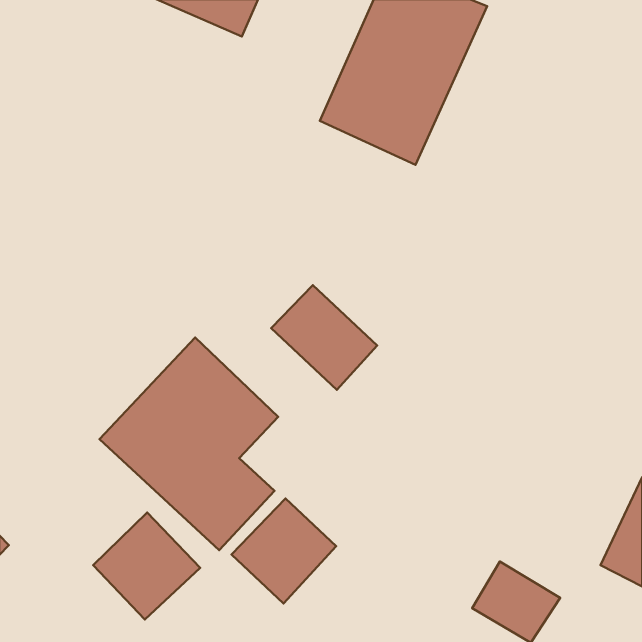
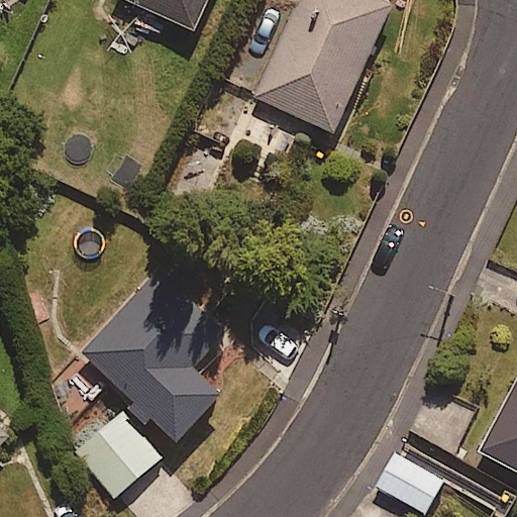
building: [271,285,377,390] -> none
building: [232,499,336,603] -> none

